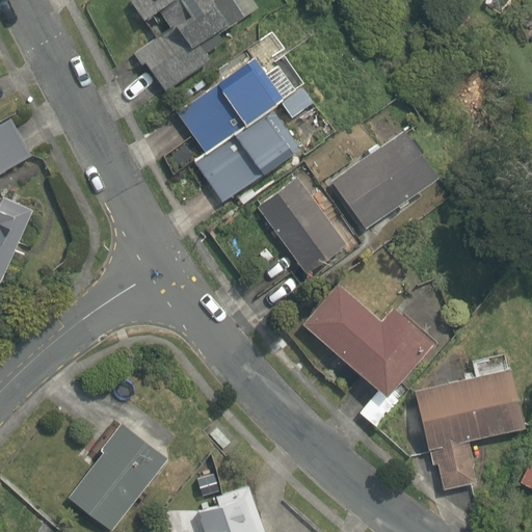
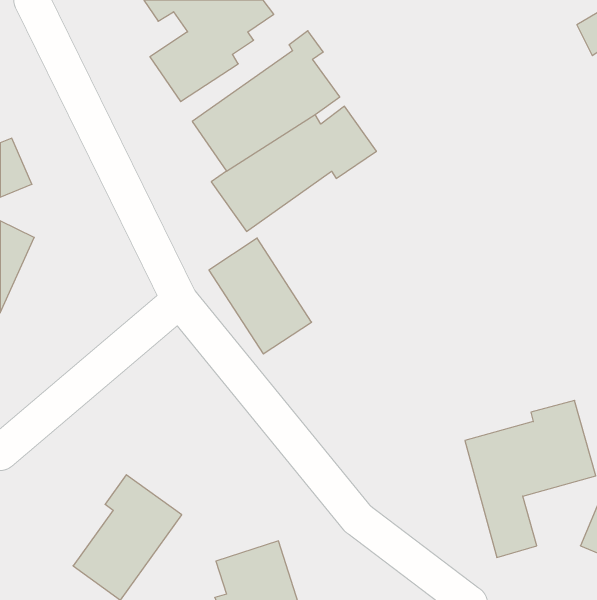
building: [331,130,434,225] -> none
building: [255,177,345,278] -> [209,238,312,354]
building: [302,284,430,430] -> none

